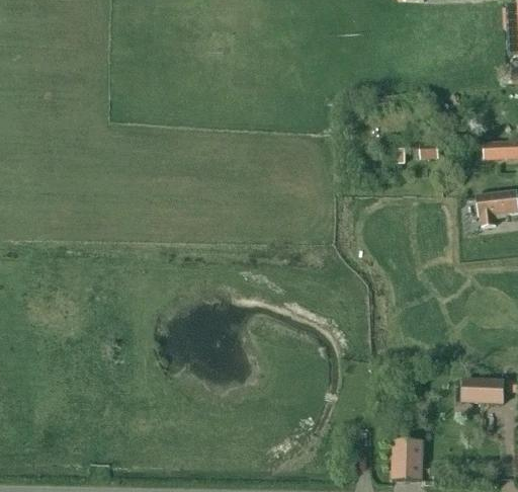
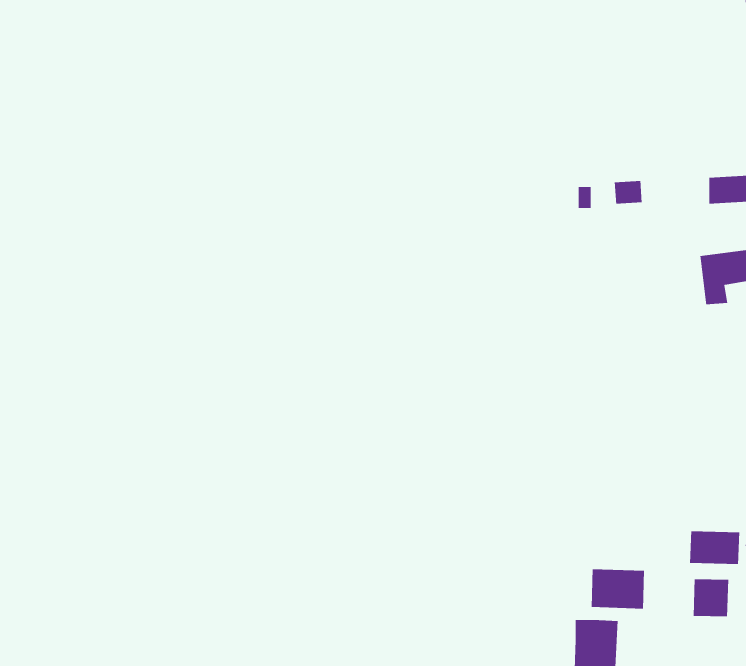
building: none -> [591,568,645,609]
building: none -> [693,578,729,617]

